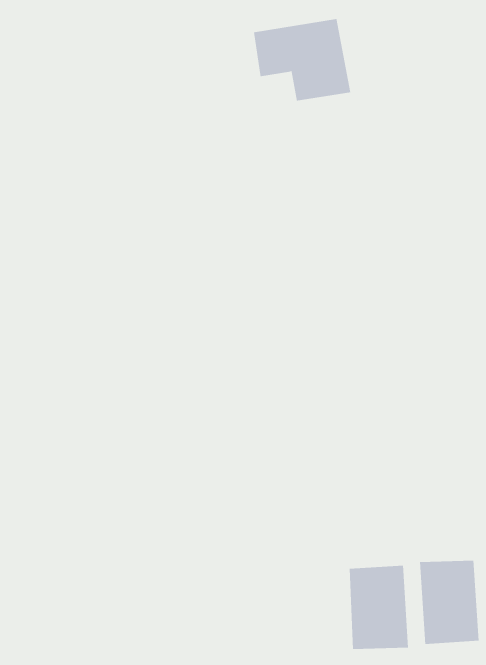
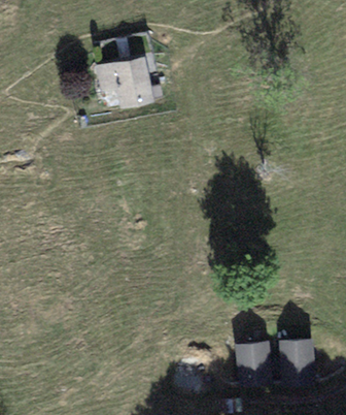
building: [253,18,351,101] -> [95,57,153,106]

